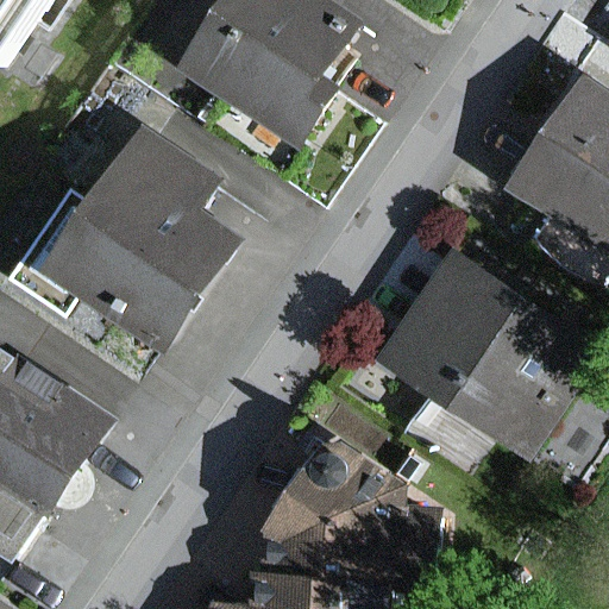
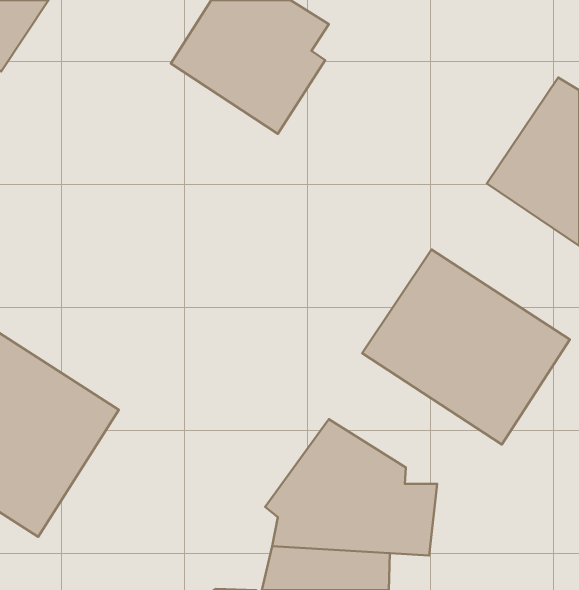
building: [6,137,211,328] -> none

